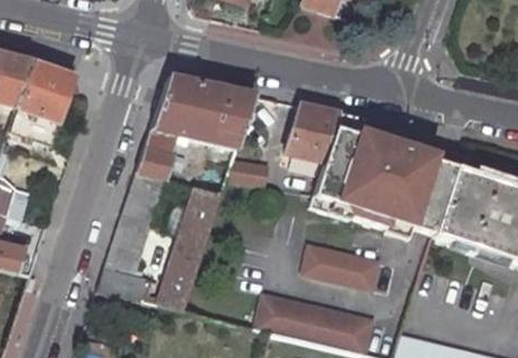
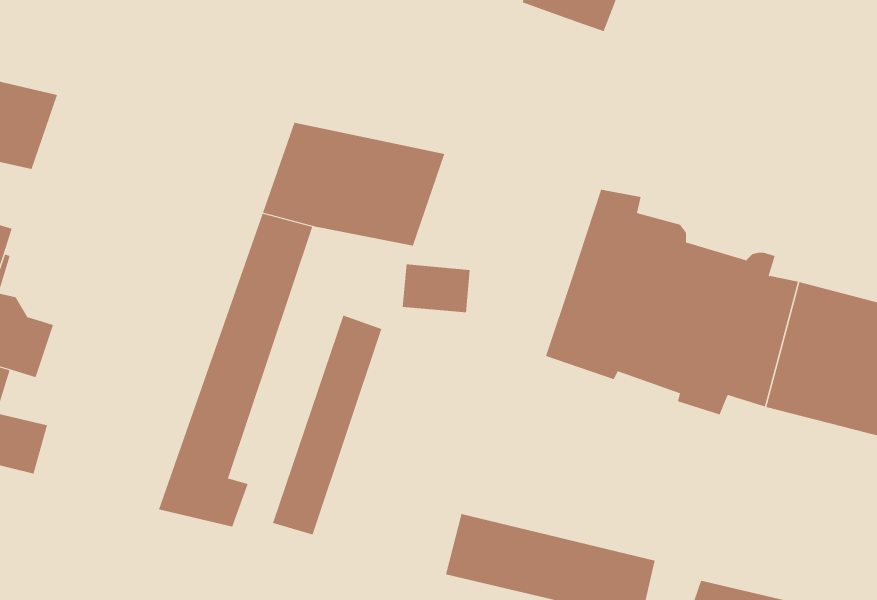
building: [14,59,74,137] -> none
building: [284,103,342,163] -> none
building: [304,245,380,289] -> none

